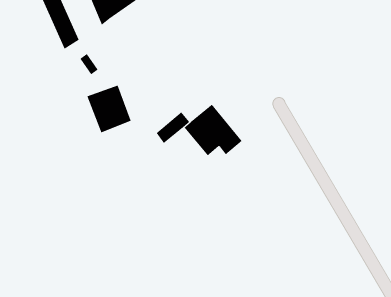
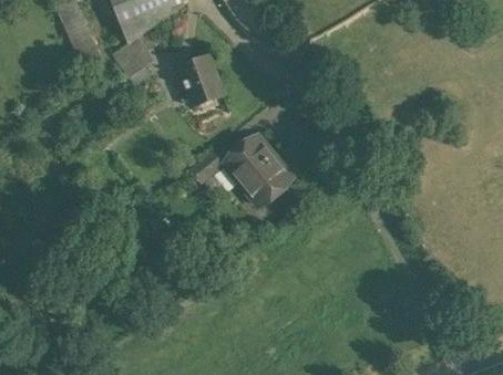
building: none -> [113,35,153,76]
building: [87,85,132,133] -> [174,52,226,108]

